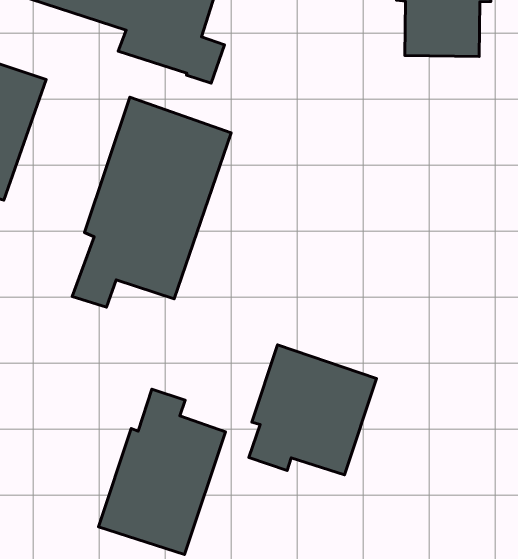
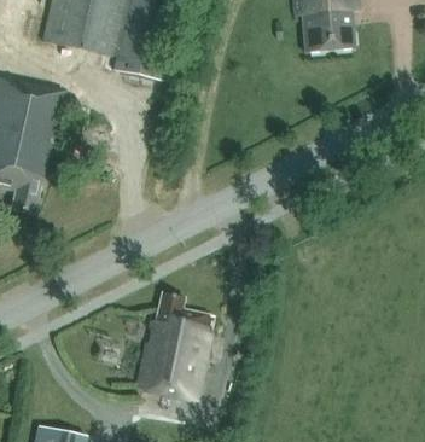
building: [72,97,231,307] -> none
building: [249,345,376,475] -> none

